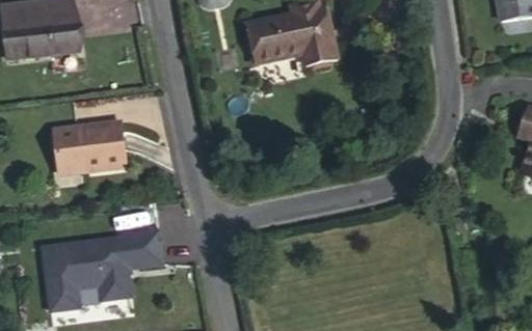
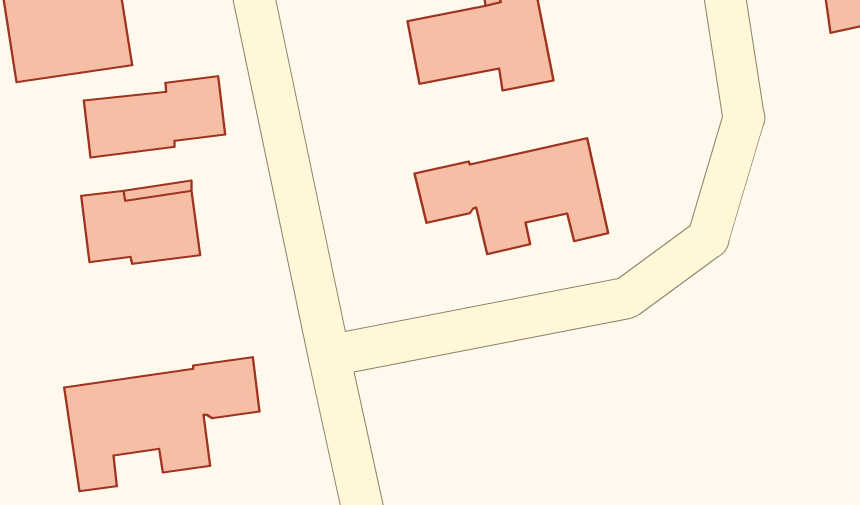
building: none -> [84,76,225,157]
building: none -> [415,138,608,254]

